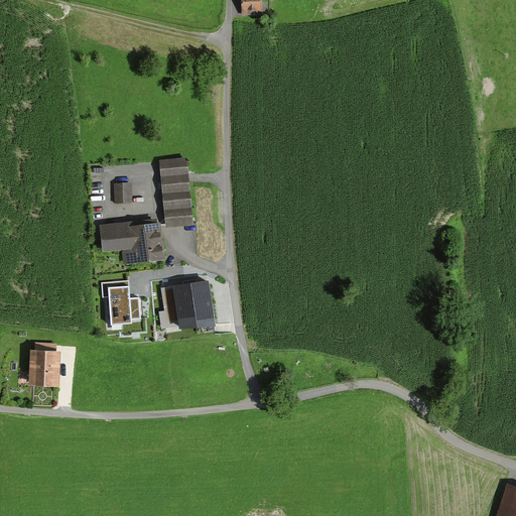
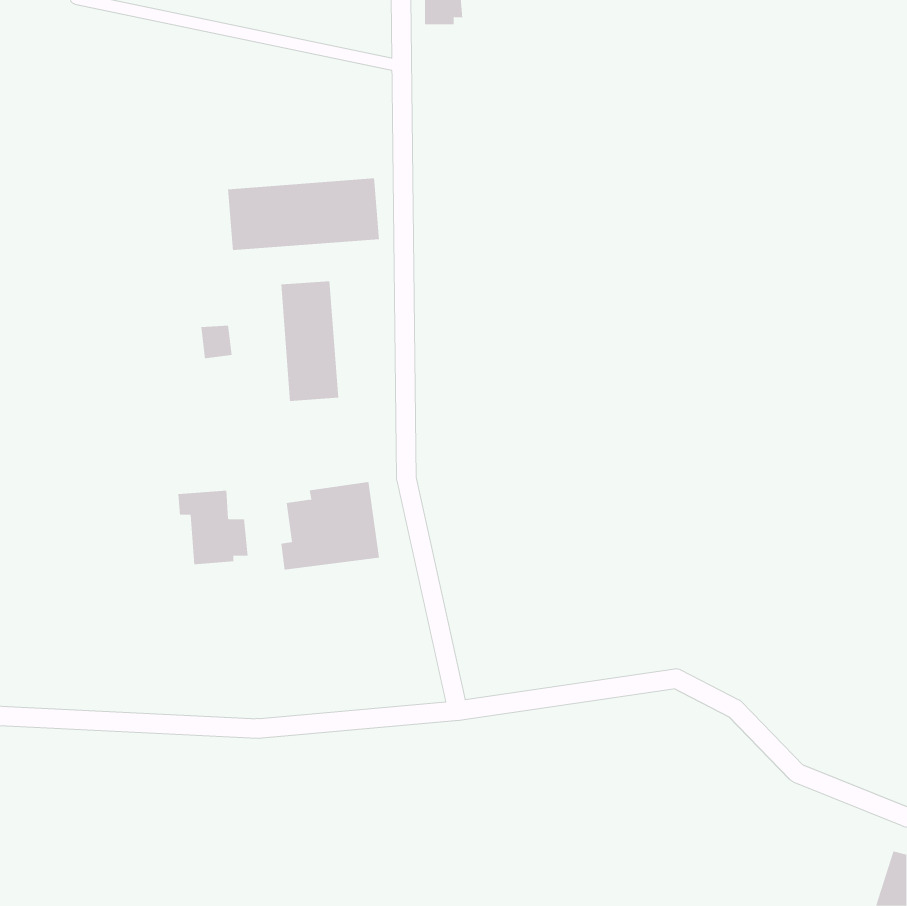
building: none -> [227,178,380,251]
building: [100,223,164,266] -> none
building: [19,345,60,385] -> none

